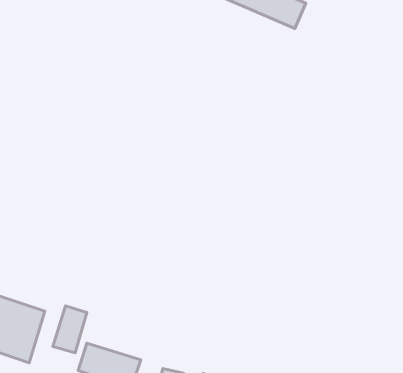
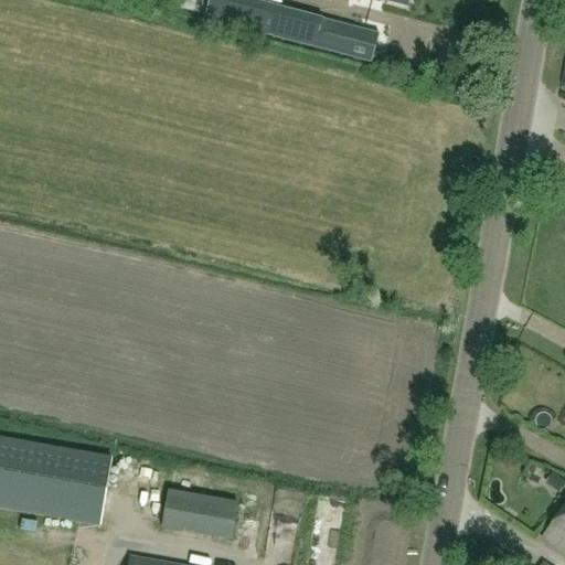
building: [53,306,87,353] -> none

